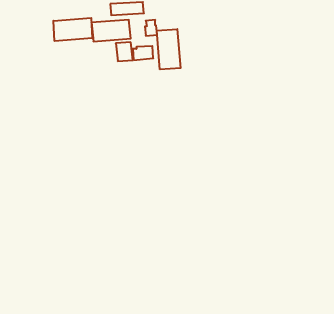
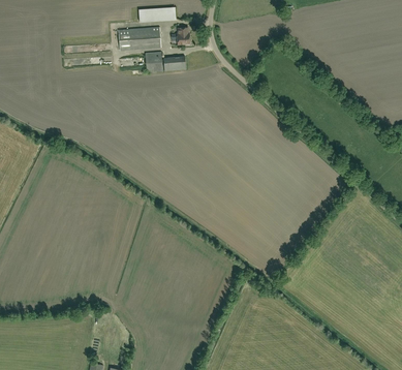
building: [53,18,92,41] -> none
building: [157,29,181,69] -> none

